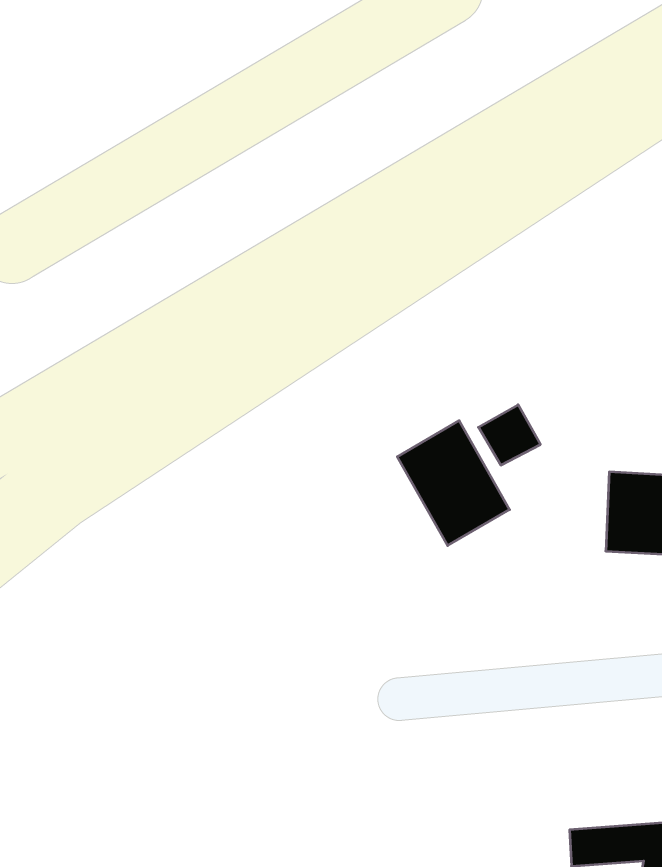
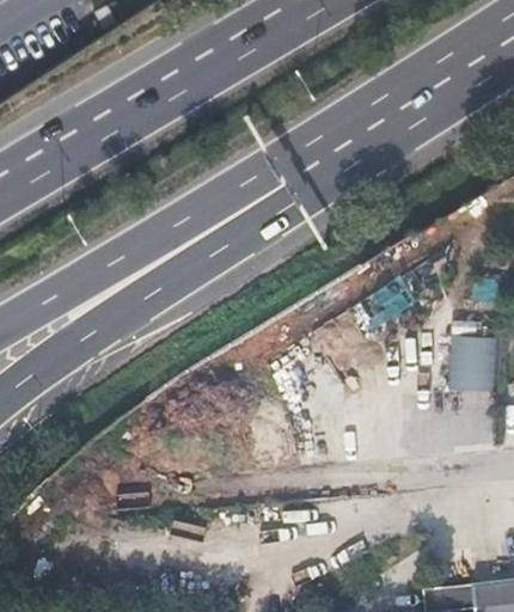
building: [397,421,510,546] -> none

